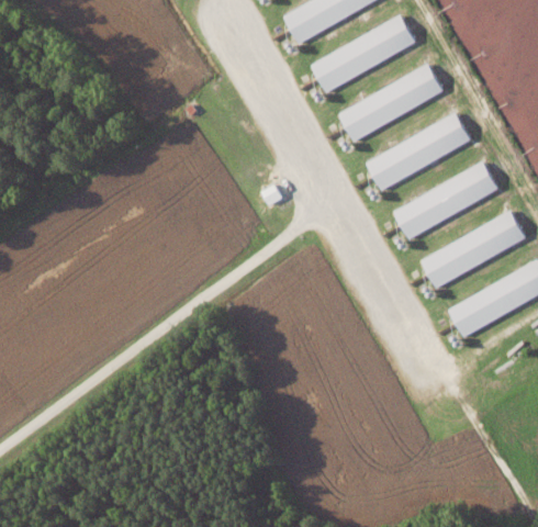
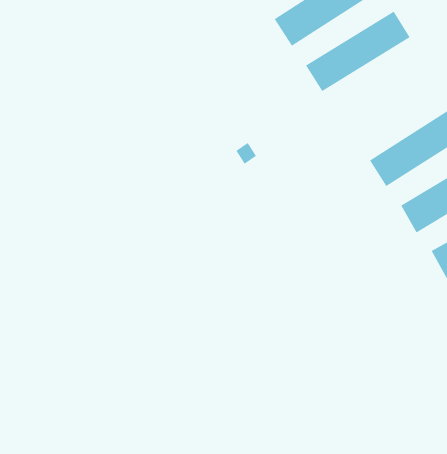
building: [365,113,471,189] -> none

